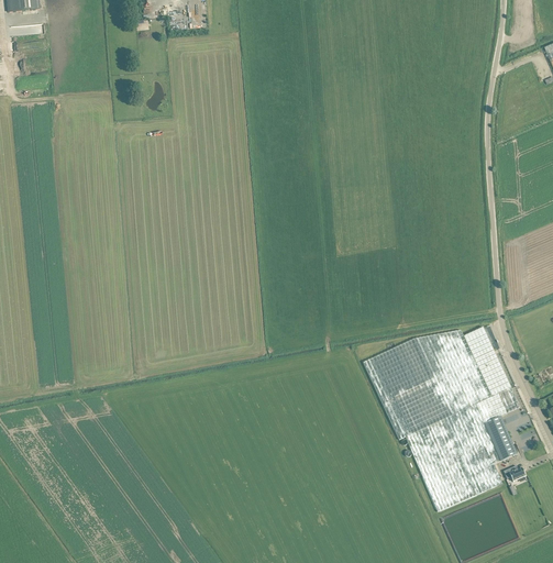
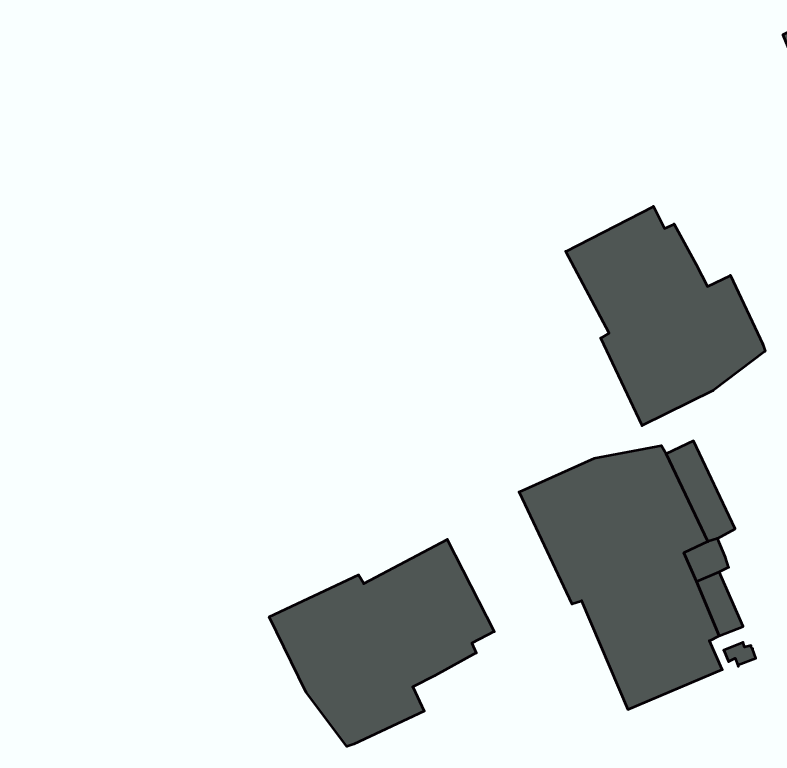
building: none -> [566,206,765,426]
building: none -> [269,539,494,746]

